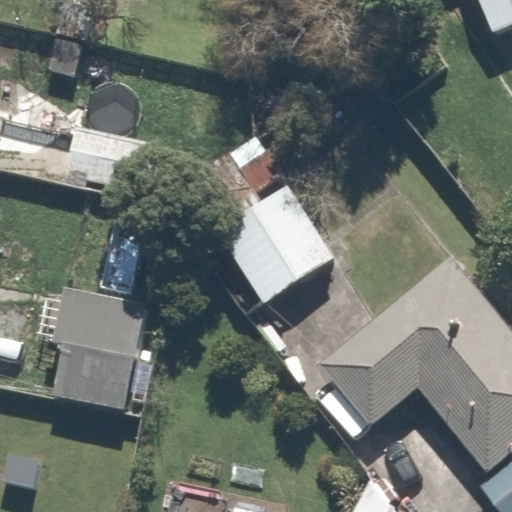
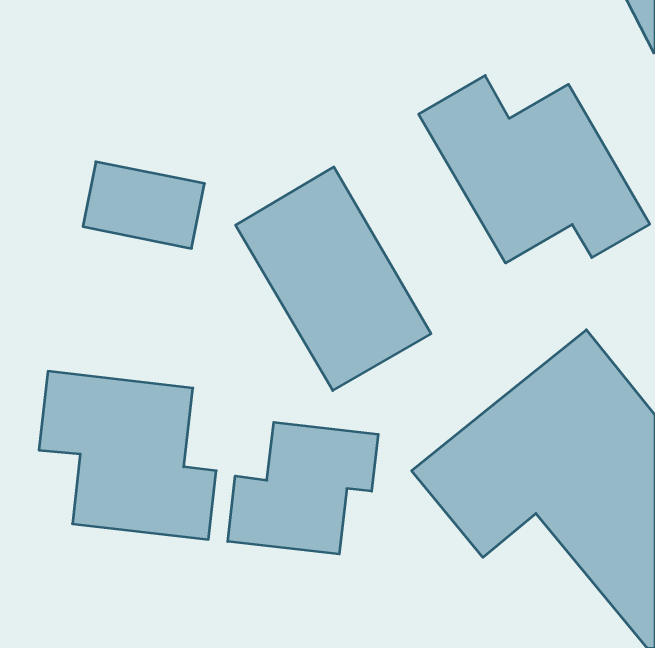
building: none -> [419,75,650,263]
building: none -> [228,422,378,554]

